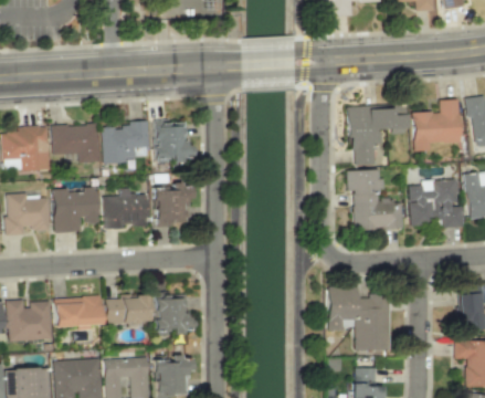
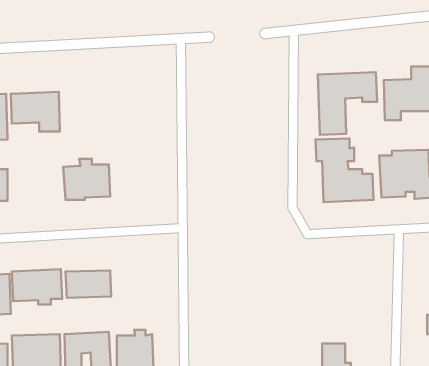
building: [155,121,193,164] -> none
building: [103,122,150,165] -> none
building: [155,182,191,228] -> none
building: [53,187,99,233] -> none
building: [329,287,391,352] -> none
building: [156,293,194,335] -> none

